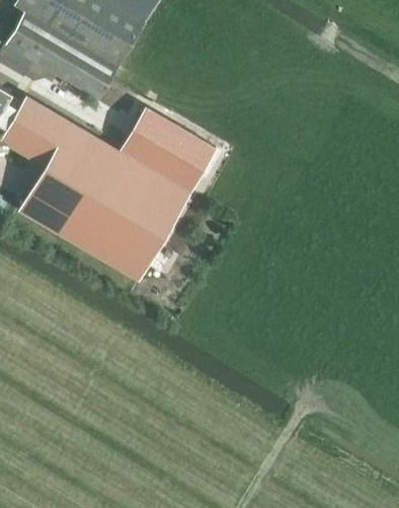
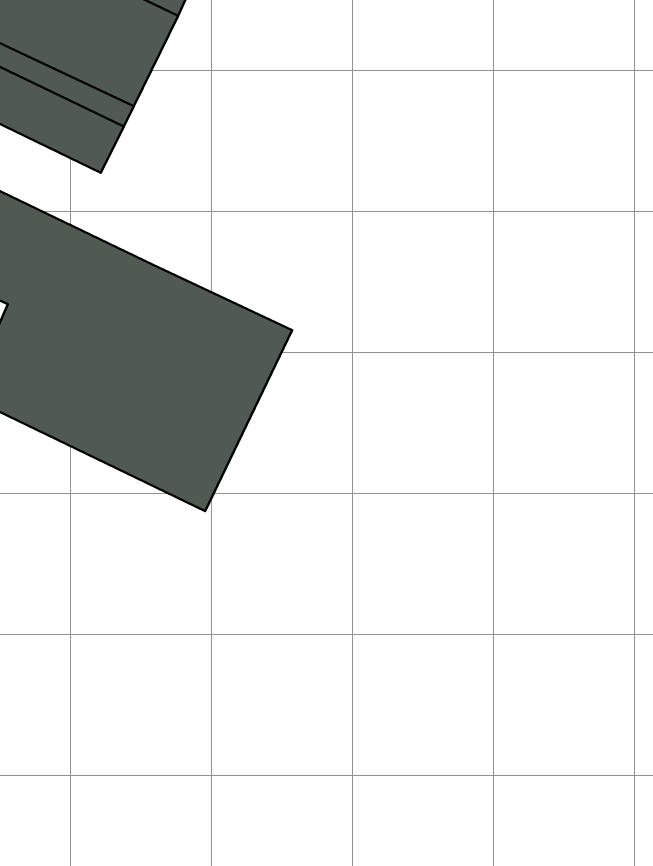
building: [123,107,217,191] -> none

